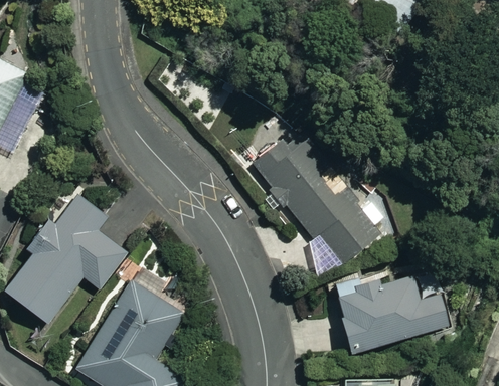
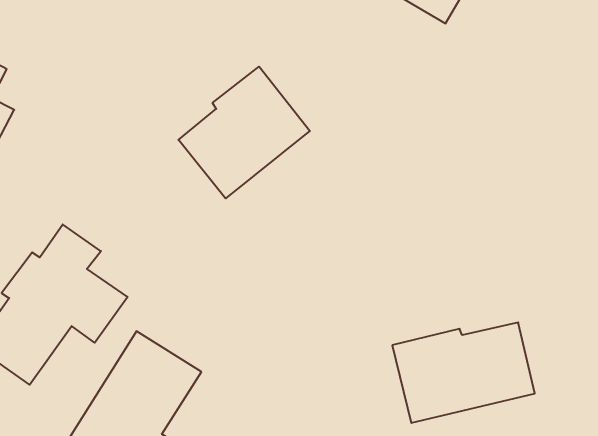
building: none -> [178,67,310,198]
building: [252,129,380,265] -> none

